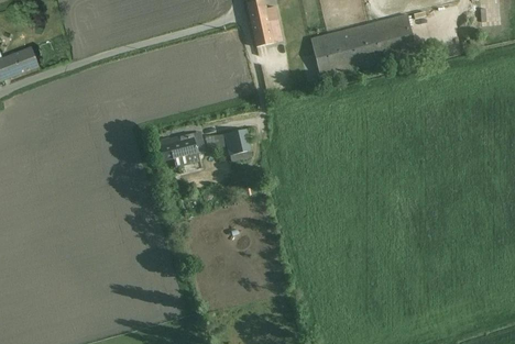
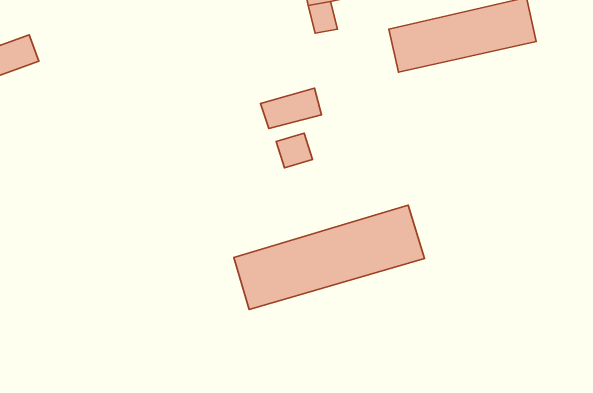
building: [156,125,205,157] -> [260,88,321,129]
building: none -> [234,205,424,309]

